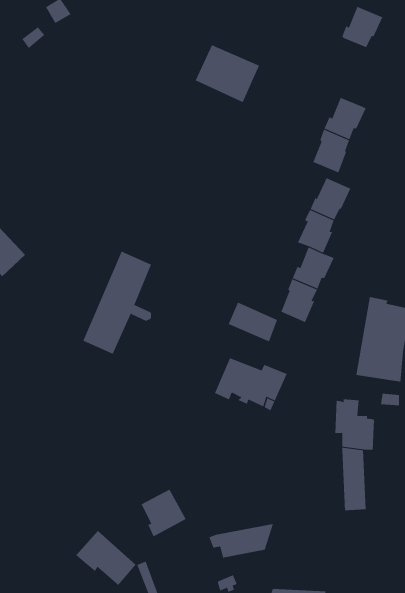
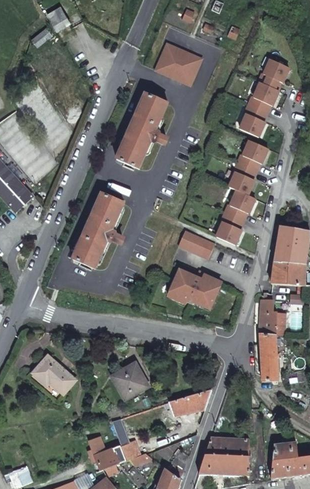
building: [342,6,383,48] -> [258,59,288,89]
building: none -> [116,93,167,169]
building: [76,530,137,586] -> [31,354,75,394]

